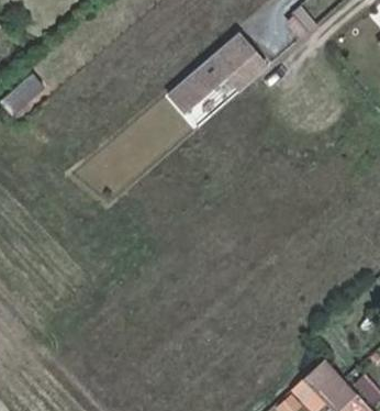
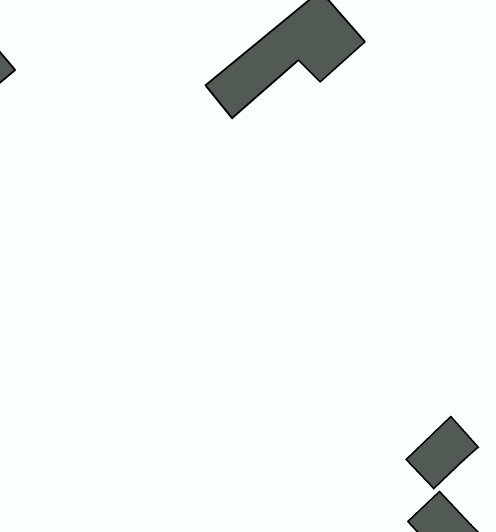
building: none -> [406,417,478,489]

